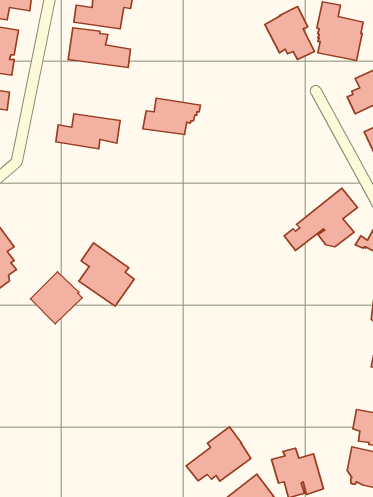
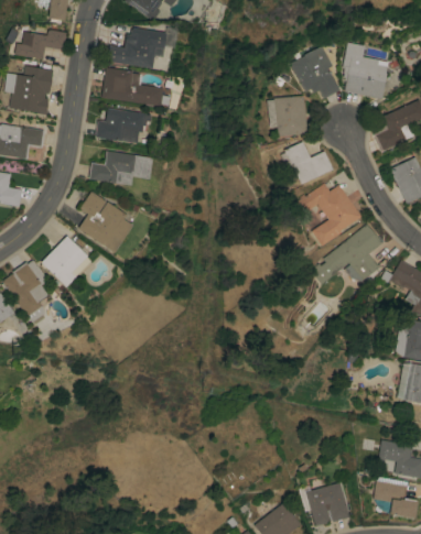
building: none -> [270,96,309,135]
building: [143,98,200,134] -> [95,108,151,143]
building: none -> [283,141,334,184]
building: none -> [296,183,363,246]
building: [79,243,134,306] -> [78,190,132,252]
building: [30,272,82,324] -> [41,236,91,286]
building: [186,427,251,481] -> none

